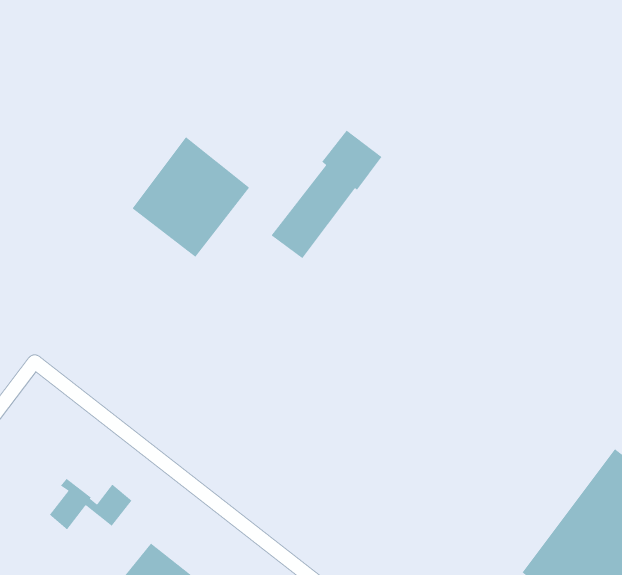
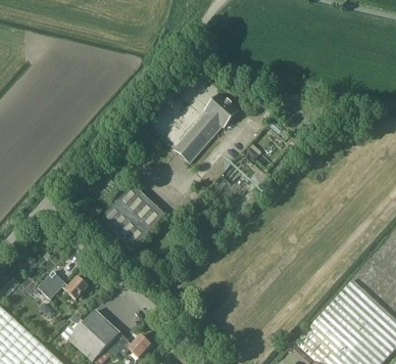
building: [131,136,250,258] -> [99,183,164,249]

